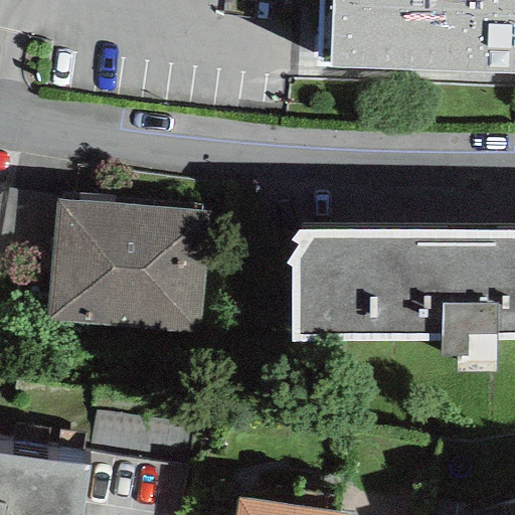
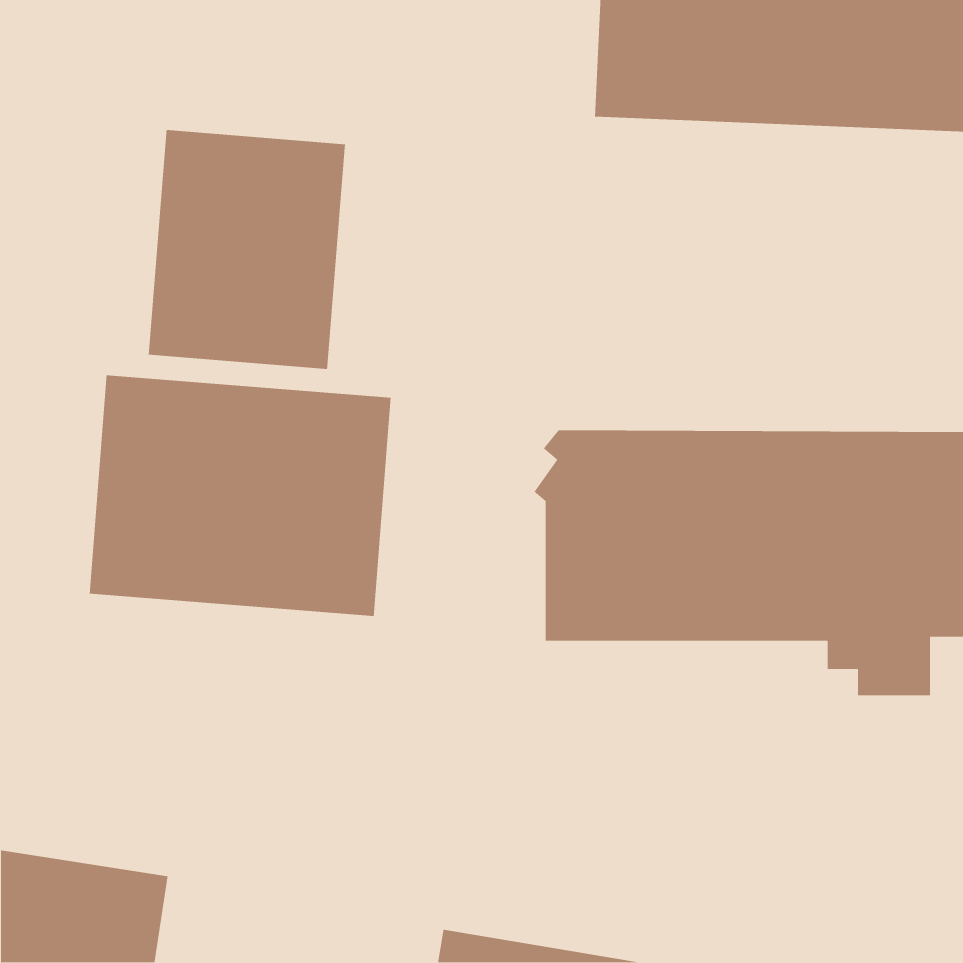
building: none -> [148,129,346,370]

